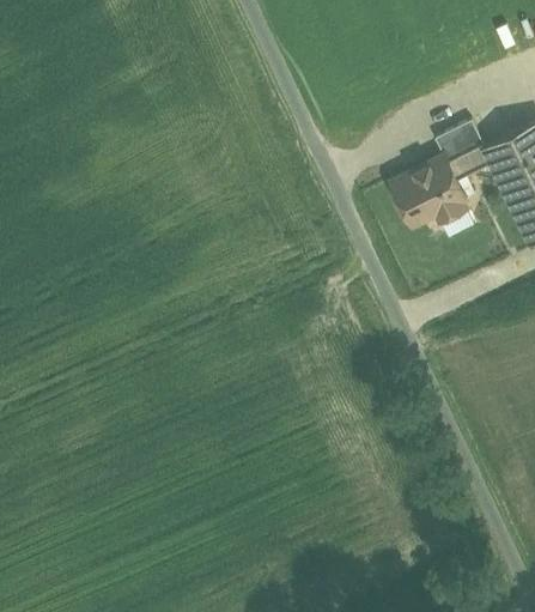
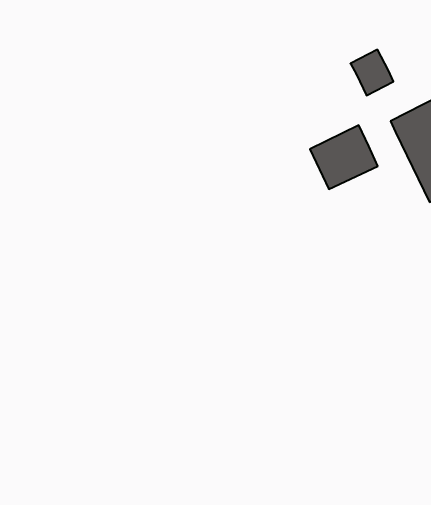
building: [439,123,491,178] -> [350,50,393,95]

